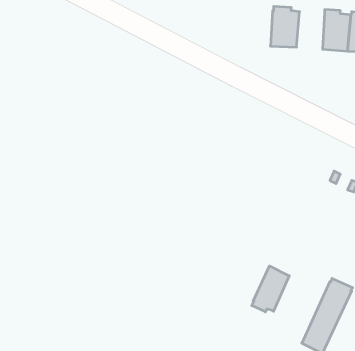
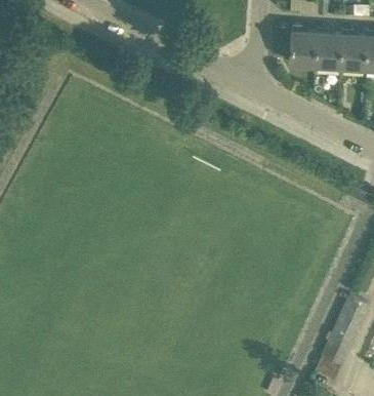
building: none -> [316,30,343,70]
building: [252,266,289,312] -> none

